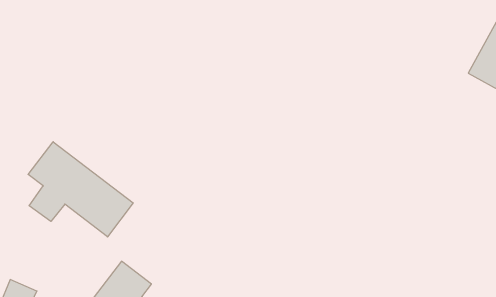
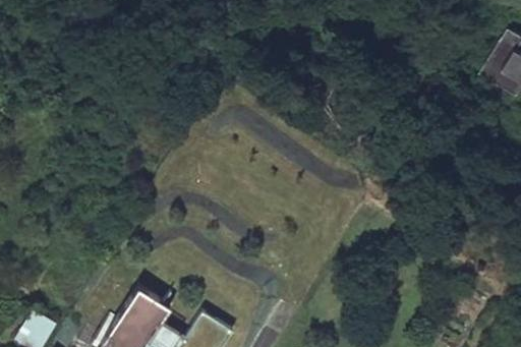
building: [28,142,133,237] -> none

